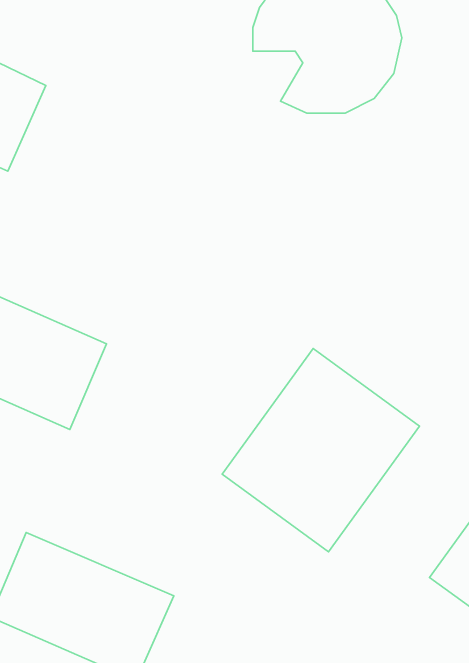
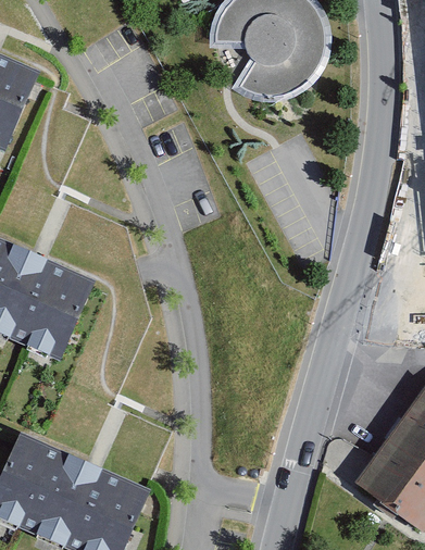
building: [222,349,420,552] -> none

